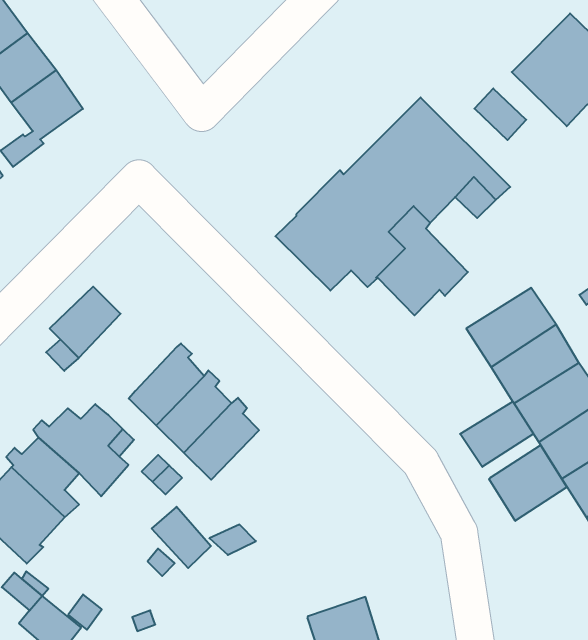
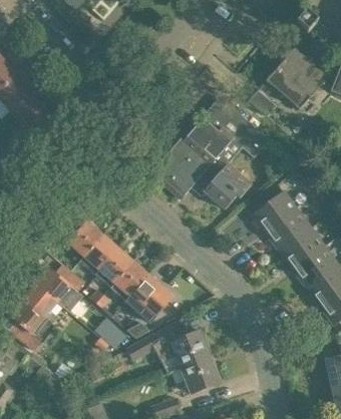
building: [50,287,121,358] -> [67,220,103,257]
building: [460,402,533,467] -> none
building: none -> [125,273,169,322]
building: [489,445,567,521] -> none
building: none -> [124,322,209,373]

